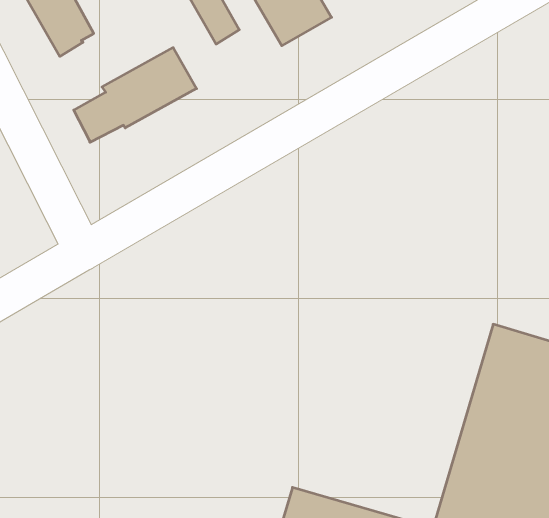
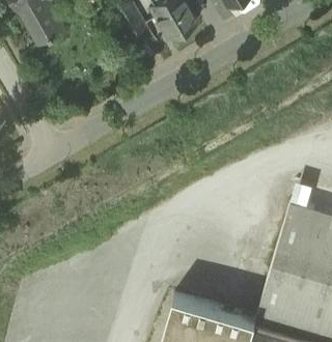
building: [74,48,197,142] -> none

